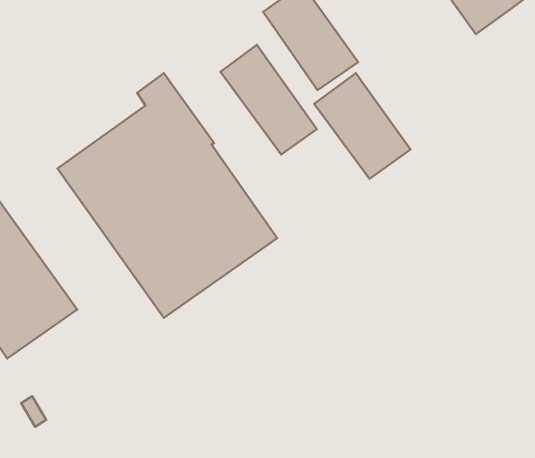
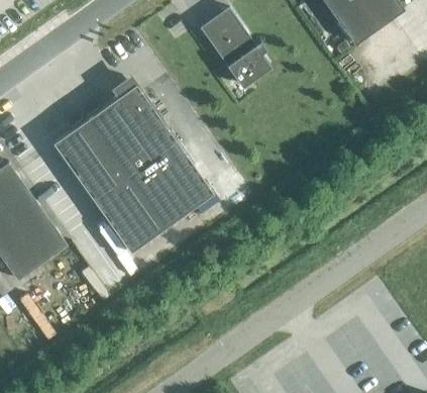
building: [221,45,317,155] -> none
building: [314,73,411,179] -> none

